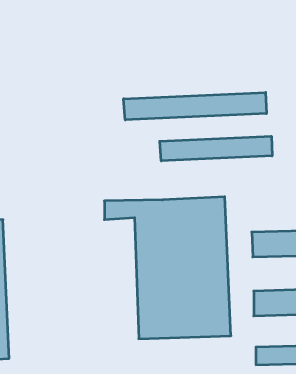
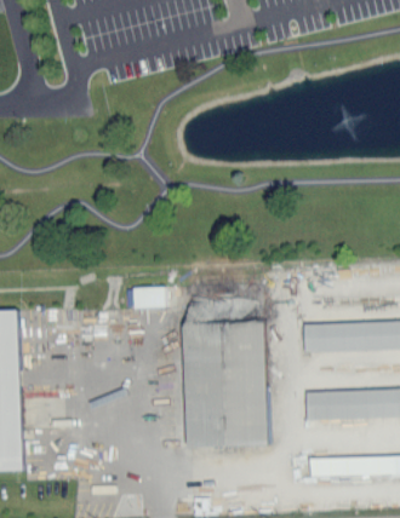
building: [124,92,266,120] -> none
building: [160,136,272,161] -> none

